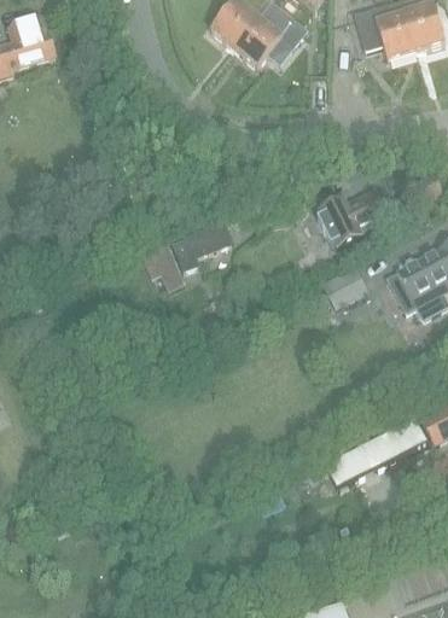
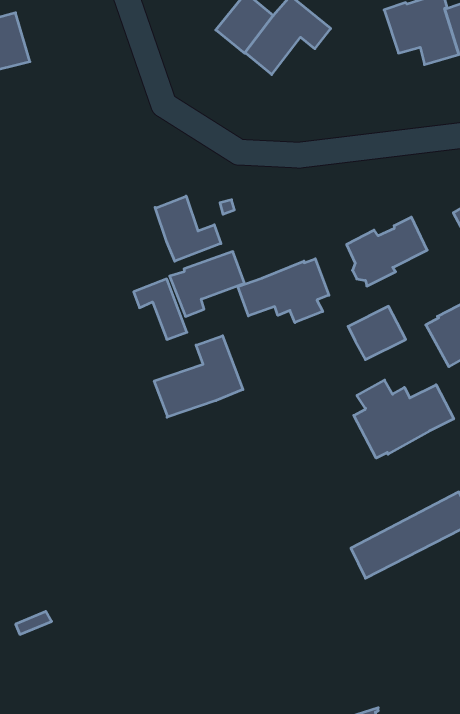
building: none -> [155,196,221,261]
building: none -> [238,259,329,323]
building: none -> [154,336,243,417]
building: none -> [354,380,454,458]

